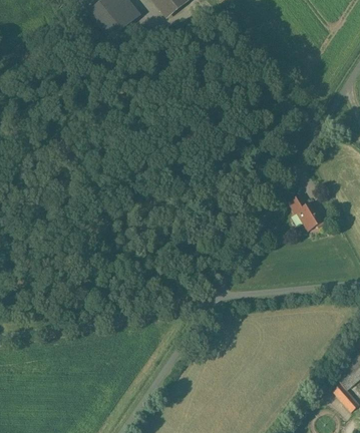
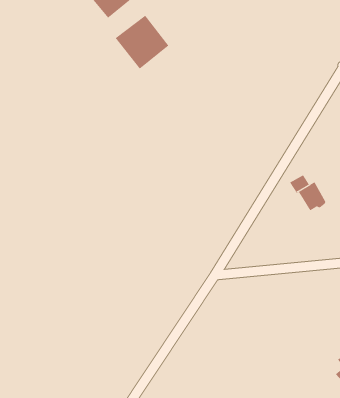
building: none -> [115,15,169,69]

